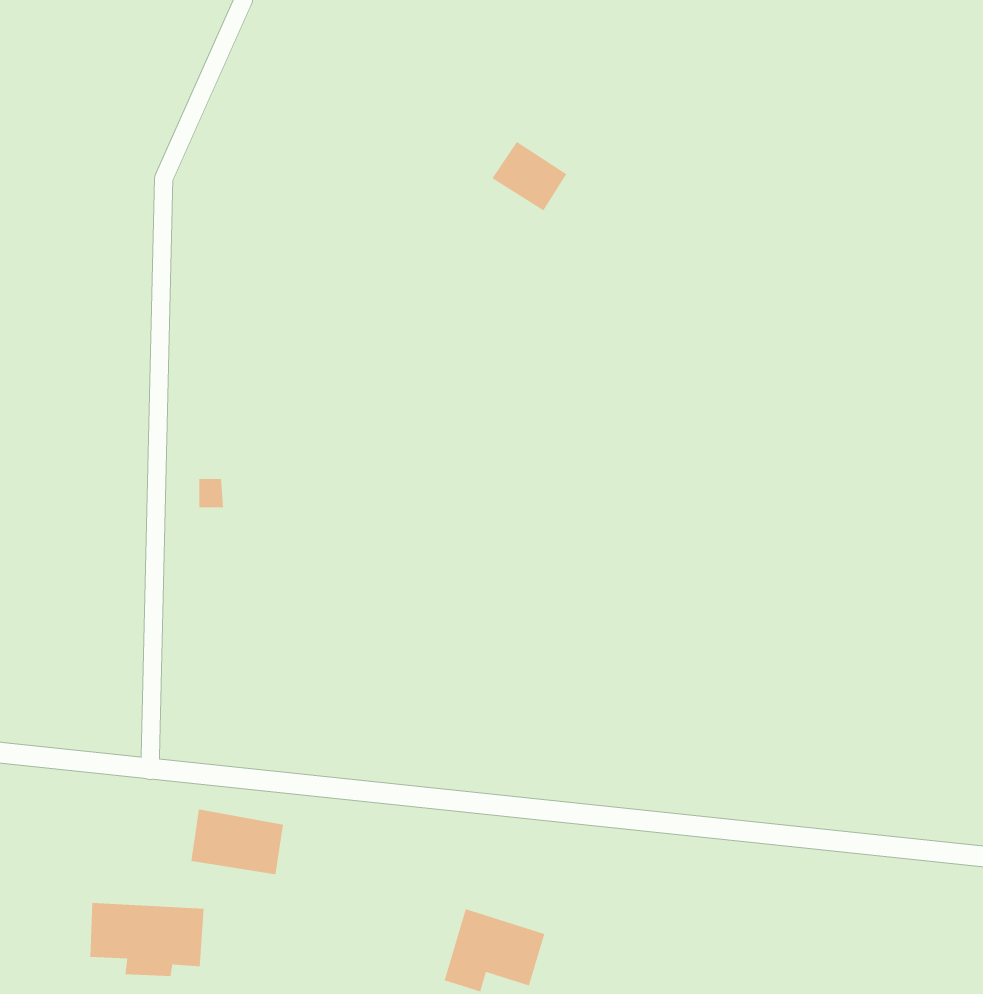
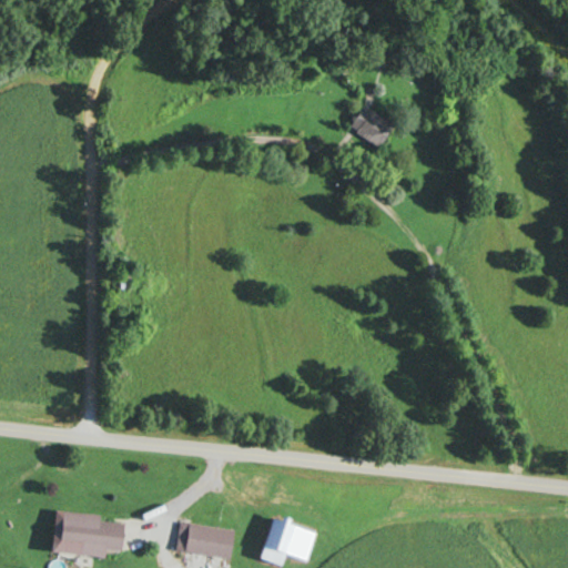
building: [491,141,567,211] -> [348,106,392,146]
building: [191,809,284,875] -> [184,523,237,560]

